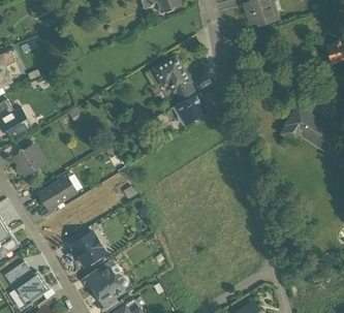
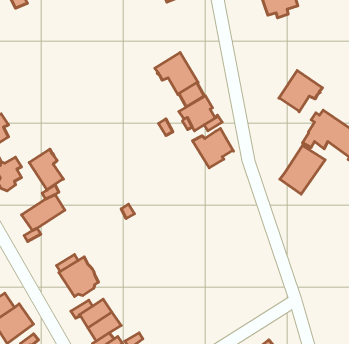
building: none -> [279,71,323,112]
building: none -> [193,128,234,168]
building: none -> [280,145,325,194]
building: none -> [29,149,63,190]

